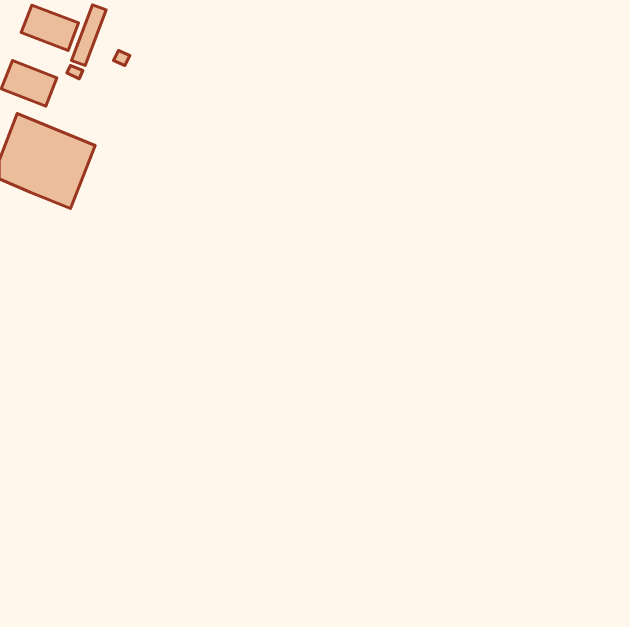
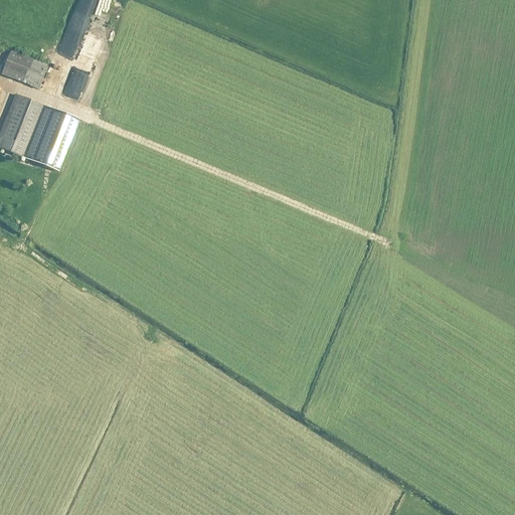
building: [21,5,79,50] -> none

